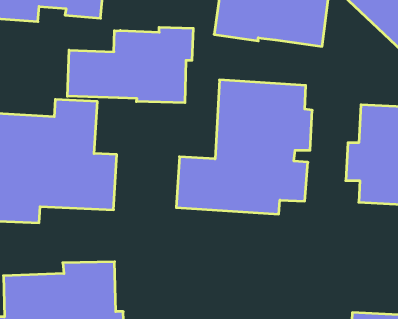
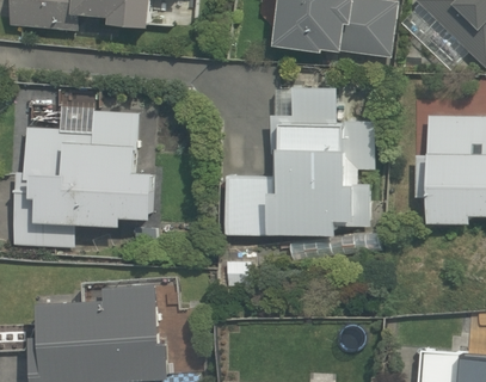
building: [67,27,193,103] -> none

